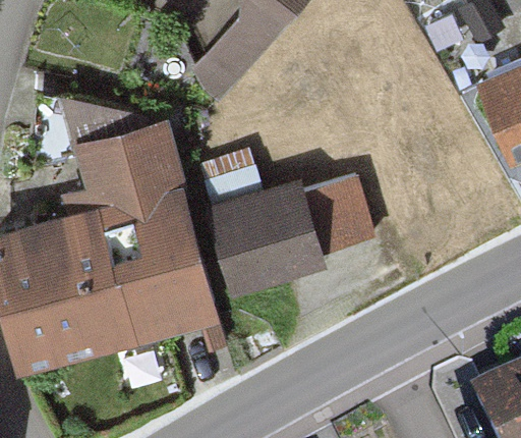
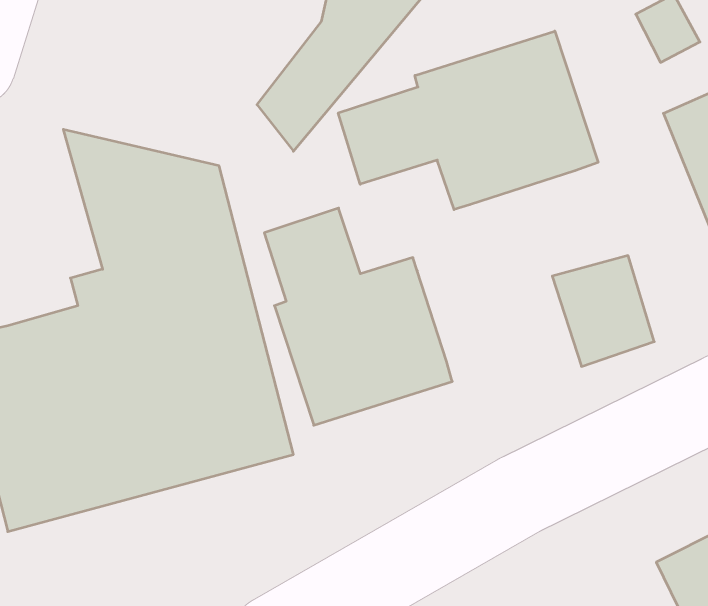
building: none -> [338,31,598,210]
building: [304,176,375,254] -> [552,256,654,366]

